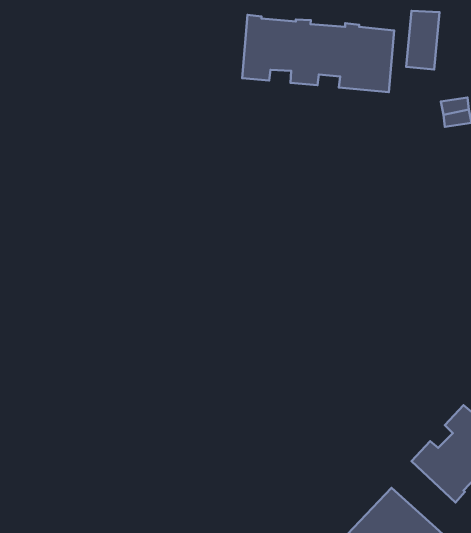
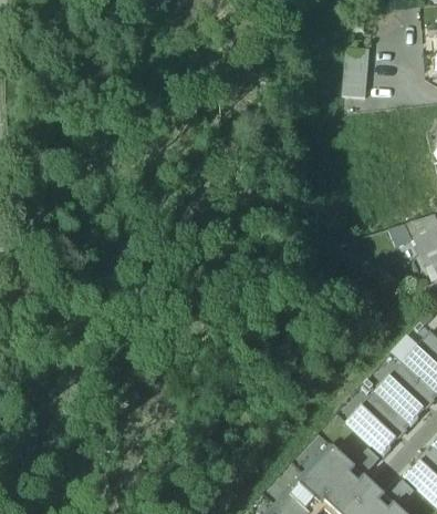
building: [242,15,394,92] -> none

